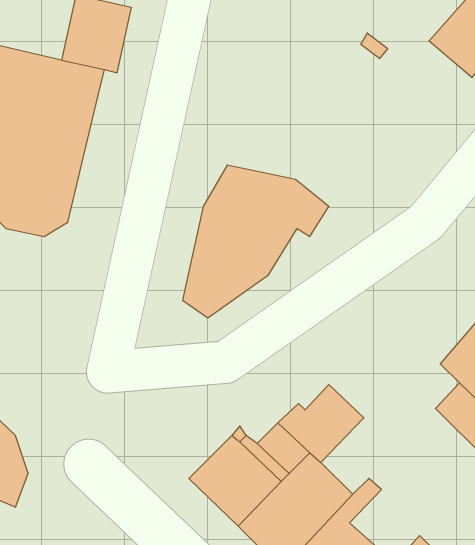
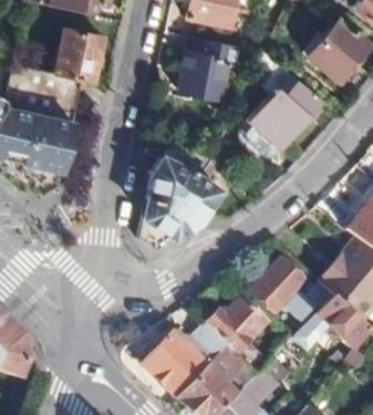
building: none -> [175,35,235,97]
building: none -> [247,77,323,156]
building: none -> [251,258,317,321]

